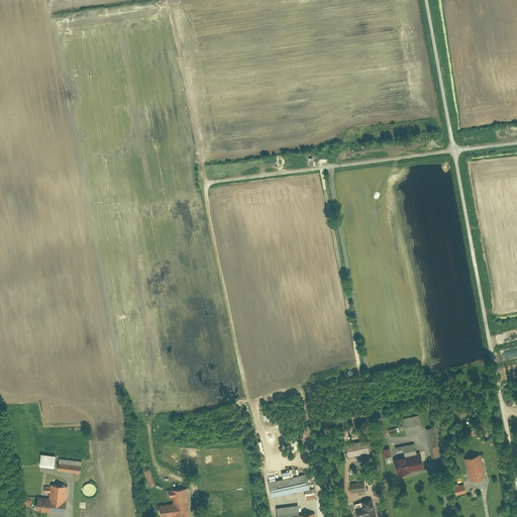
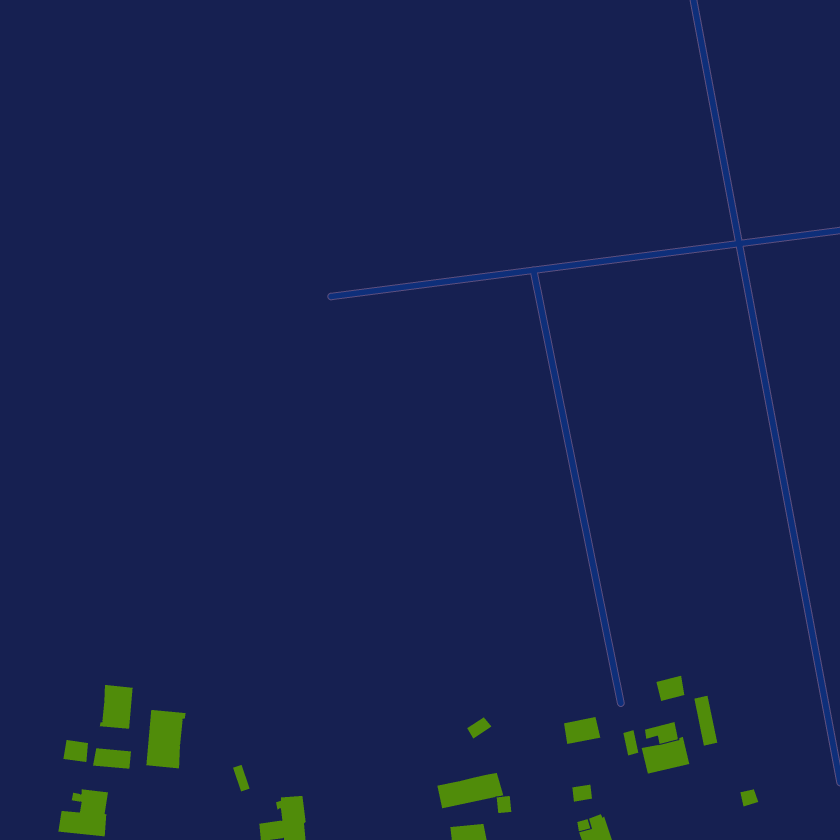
building: none -> [99,684,133,729]
building: none -> [146,709,186,769]
building: [463,454,486,482] -> none

